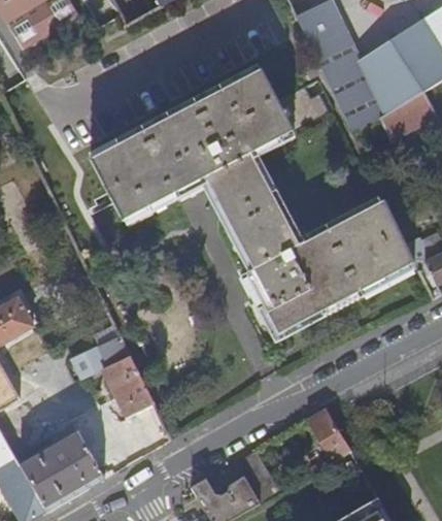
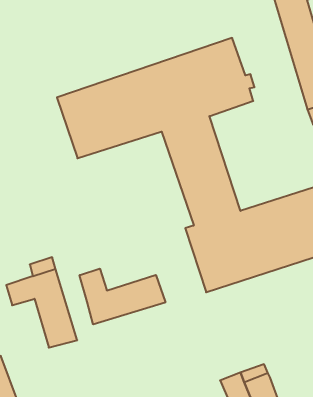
building: none -> [80,269,165,324]

